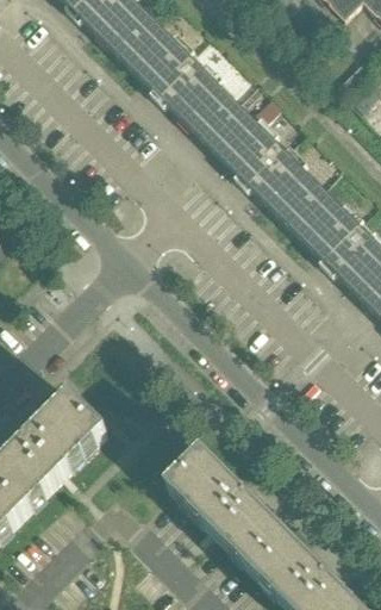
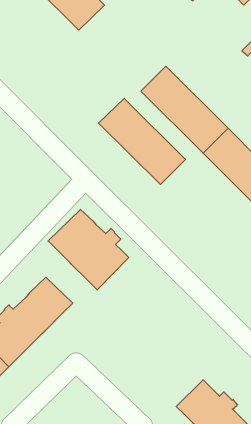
building: [111,10,231,129] -> [98,98,186,184]
building: none -> [48,209,129,290]
building: [161,443,282,565] -> none

